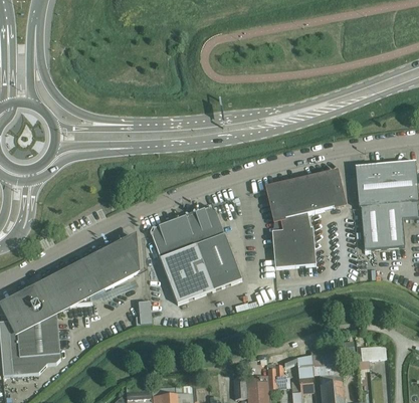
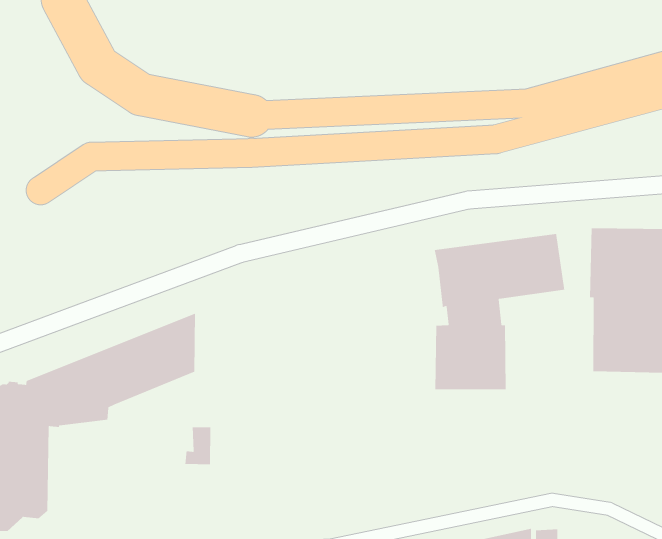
building: [150,205,242,303] -> none

